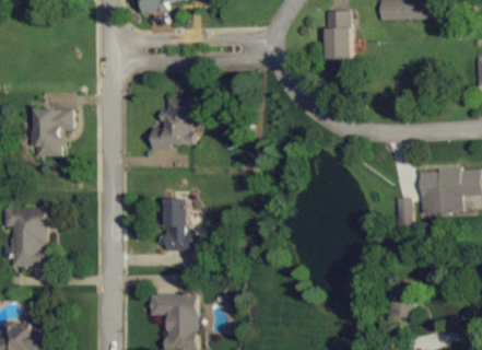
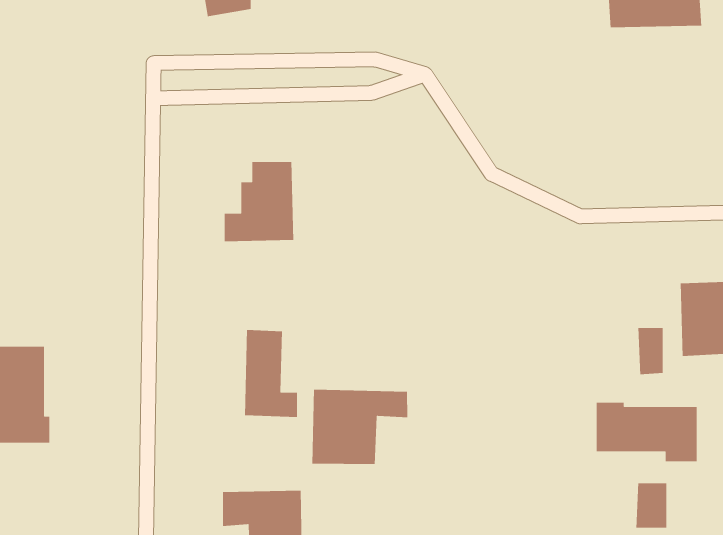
building: [325,10,351,59] -> none
building: [32,109,73,155] -> none
building: none -> [312,389,408,465]
building: none -> [596,402,698,462]

